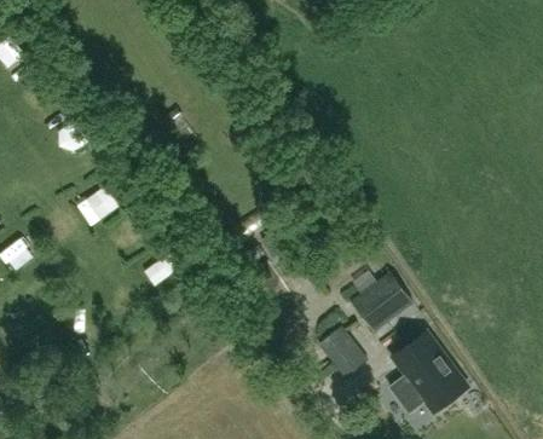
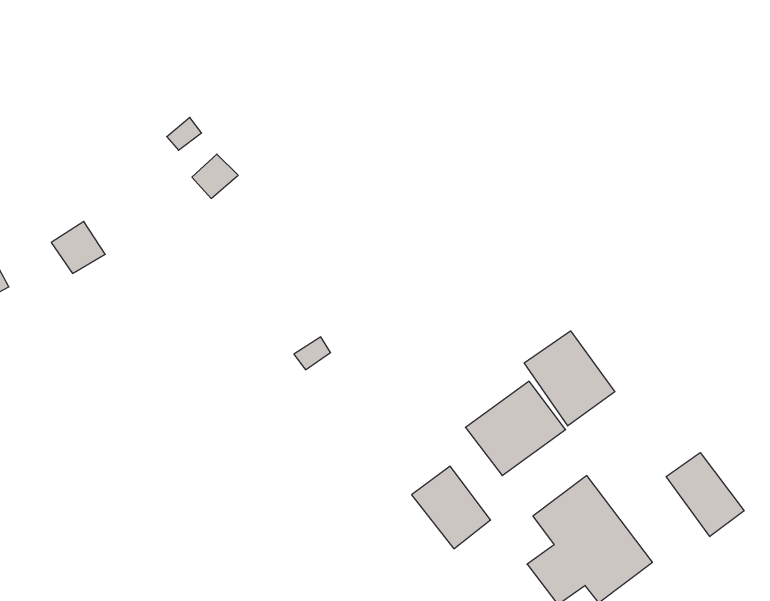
building: none -> [524,331,615,426]
building: none -> [666,453,744,537]

